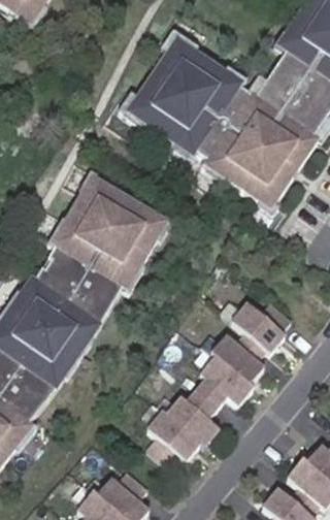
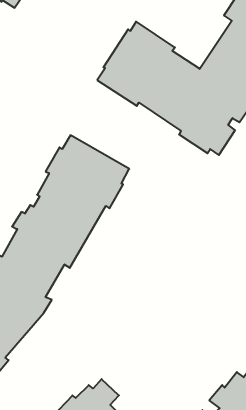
building: [152,300,300,469] -> none

